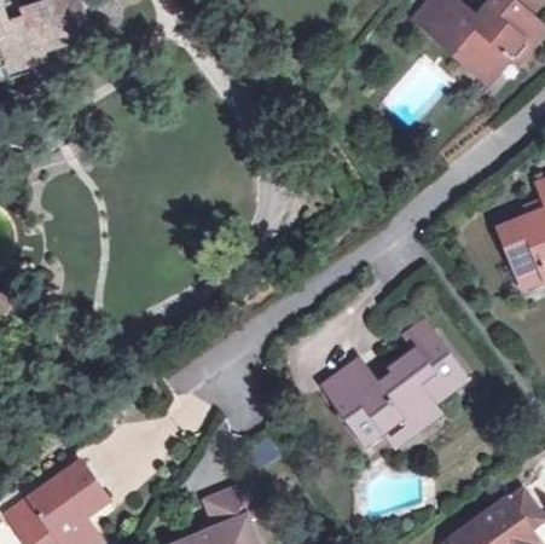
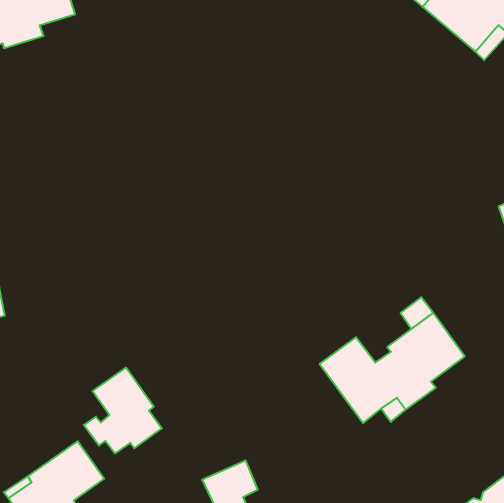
building: none -> [84,368,162,453]

